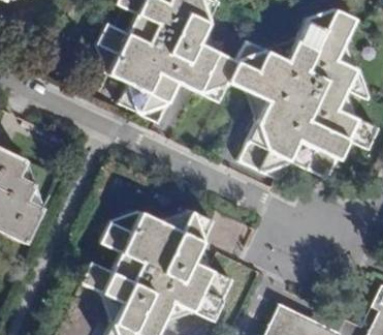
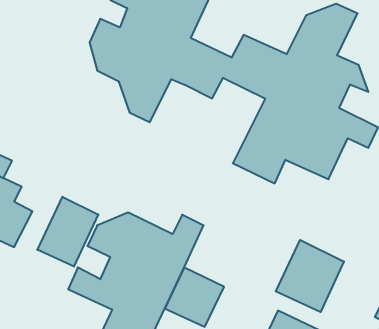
building: none -> [37,197,98,267]
building: none -> [276,240,344,312]

